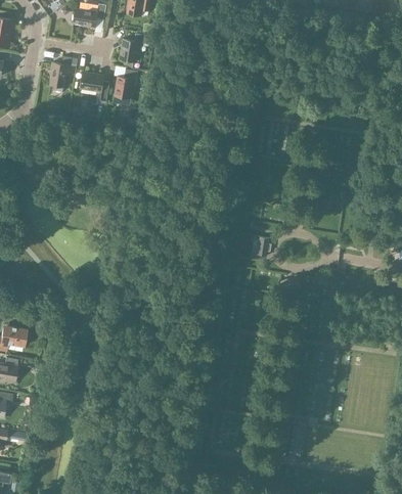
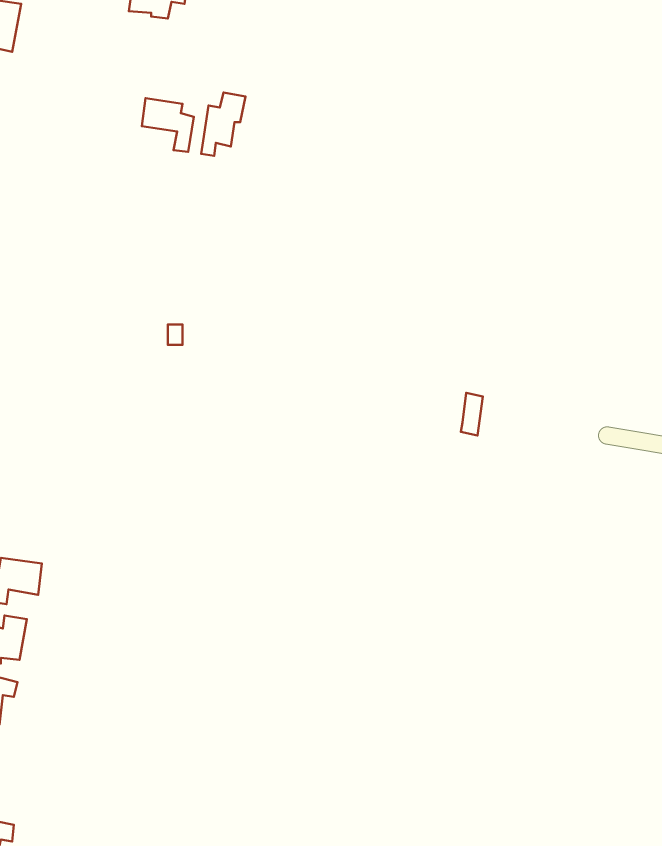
building: [120,33,149,61] -> none
building: [50,56,78,87] -> none

